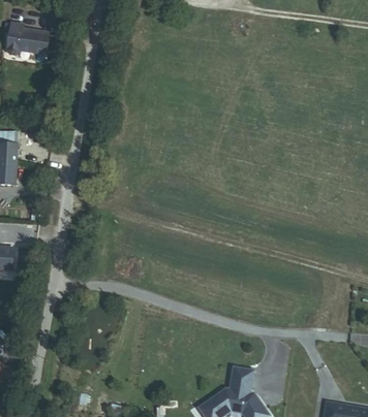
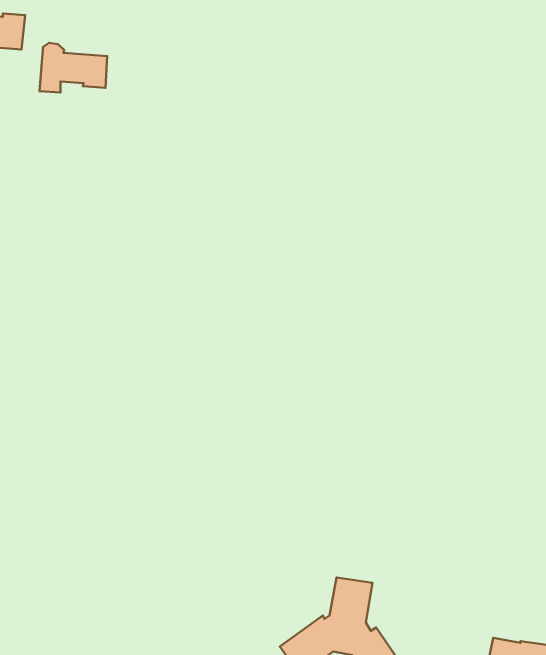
building: none -> [40,43,107,93]

